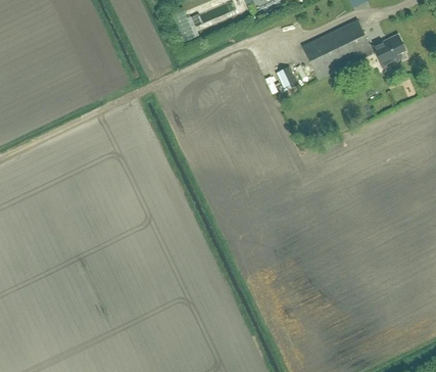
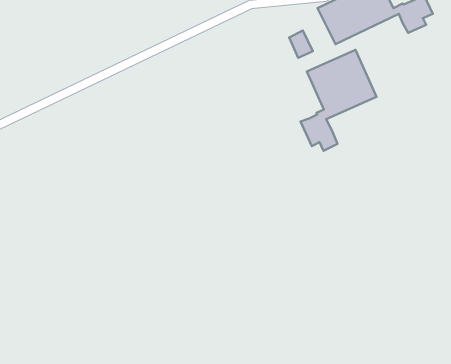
building: none -> [300,50,377,151]

